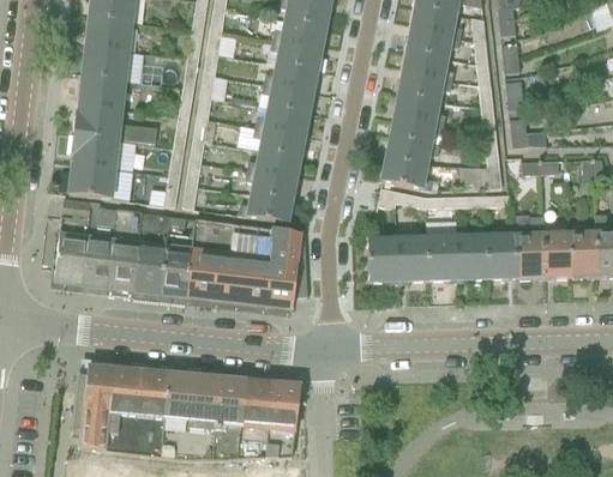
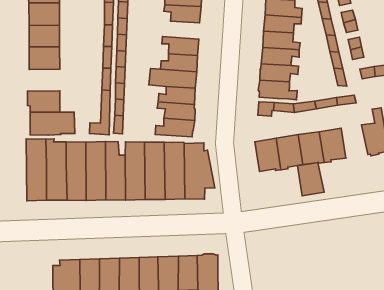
building: [264,65,315,93] -> none
building: [74,105,158,141] -> none
building: [487,235,518,277] -> [298,163,324,196]

